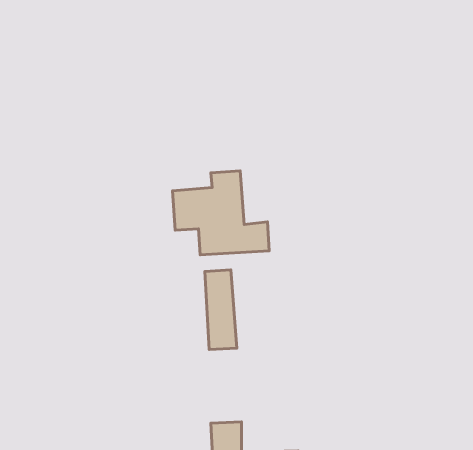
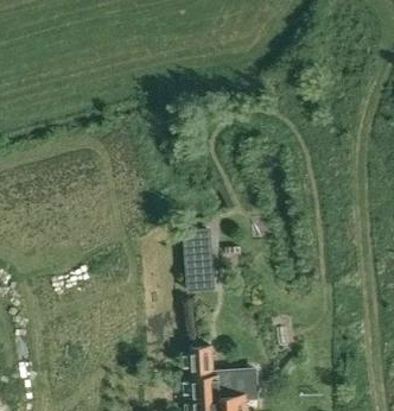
building: [172,171,269,255] -> none

